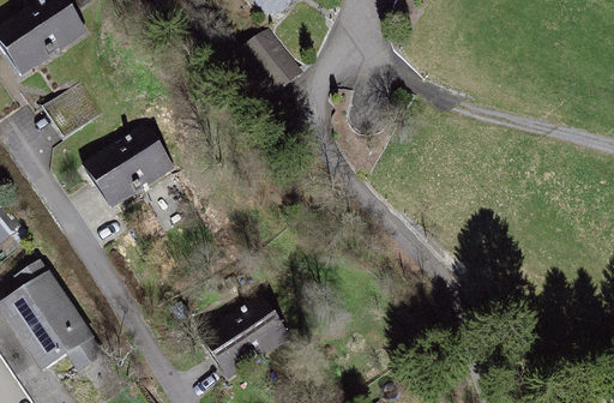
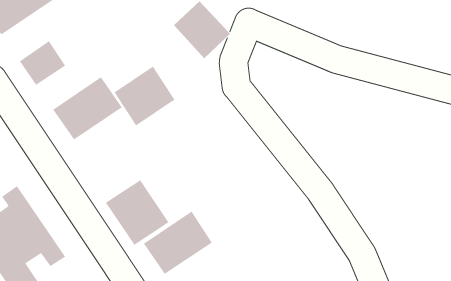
building: none -> [114,66,176,127]
building: none -> [105,179,170,246]

